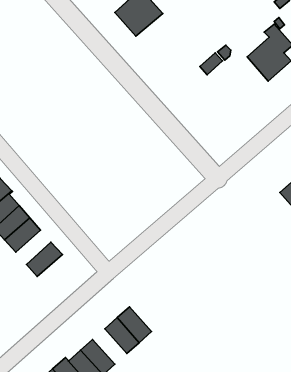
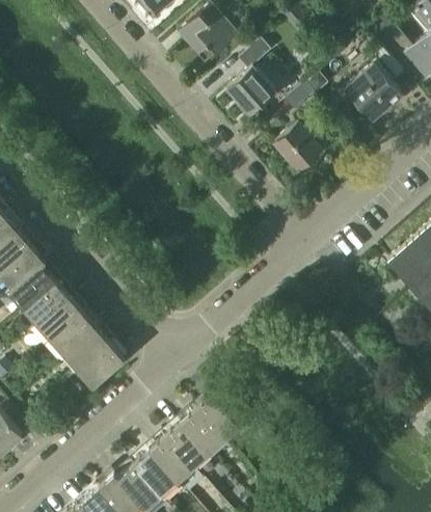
building: none -> [225,42,275,116]
building: none -> [274,124,321,170]
building: none -> [51,311,96,354]
building: none -> [78,342,125,386]
building: none -> [195,394,240,439]
building: none -> [149,436,192,481]

